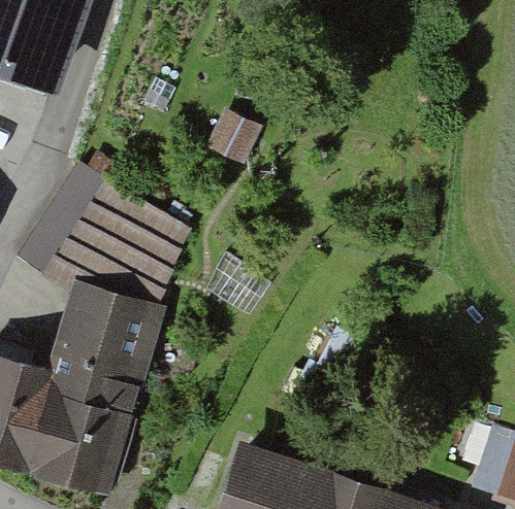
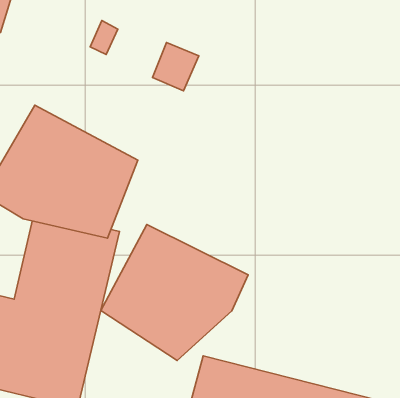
building: none -> [101,224,248,361]

